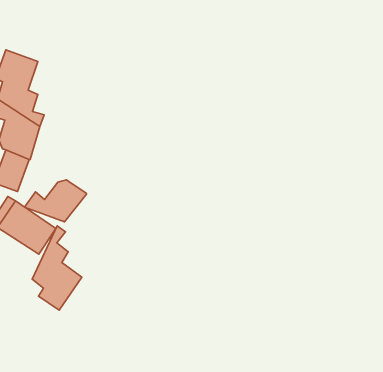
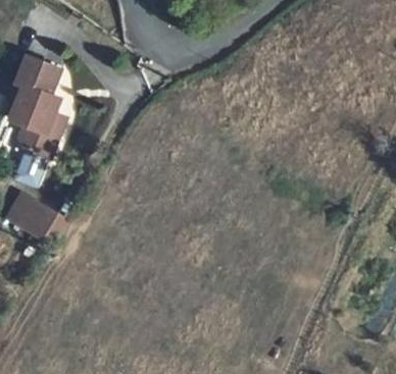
building: [24,180,87,222] -> none
building: [32,226,82,310] -> none

